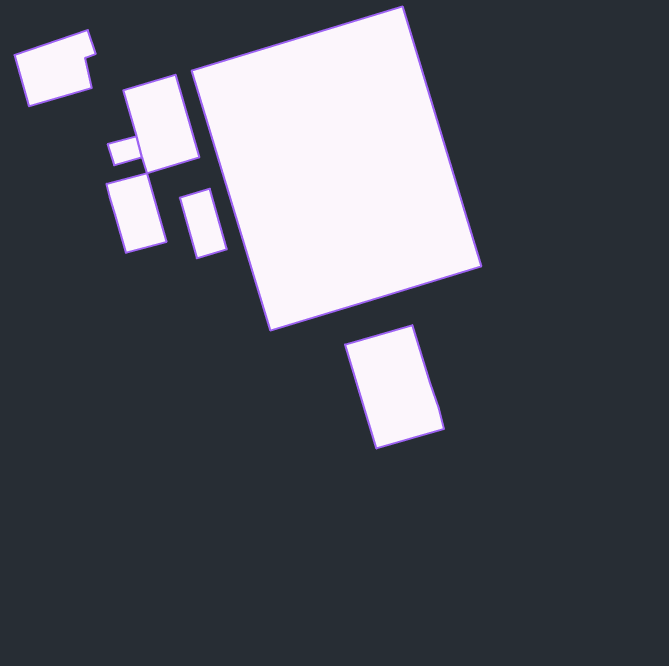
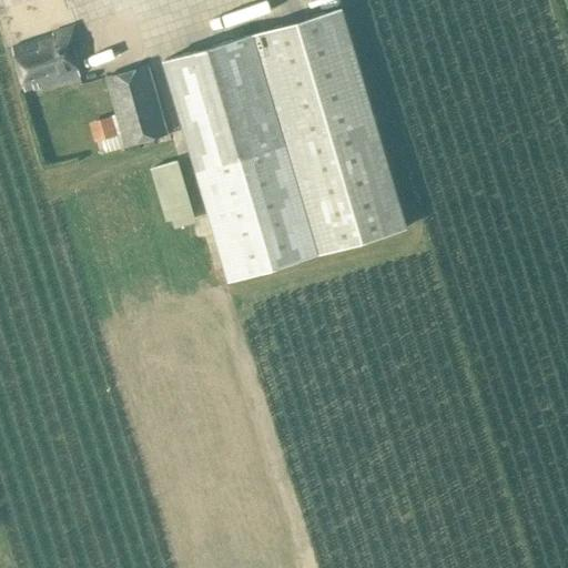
building: [107,173,166,253] -> none
building: [345,325,444,449] -> none

